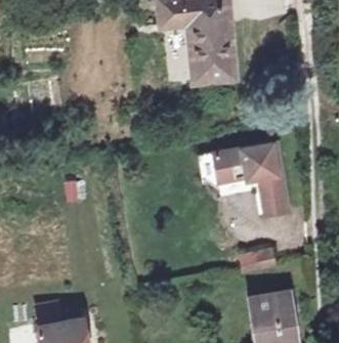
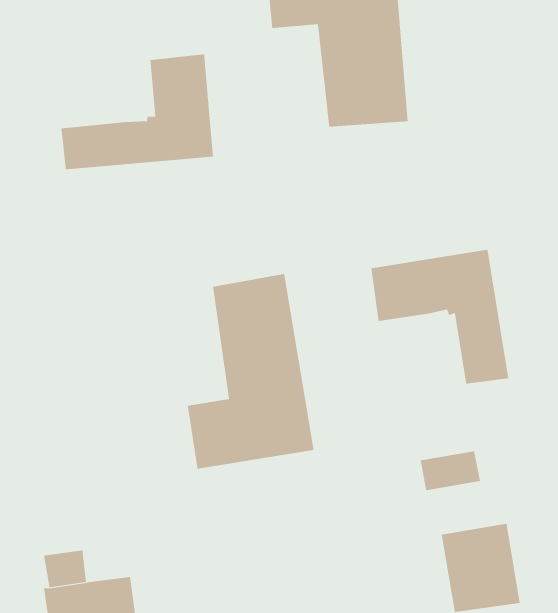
building: none -> [61,54,213,170]
building: none -> [187,273,314,469]

